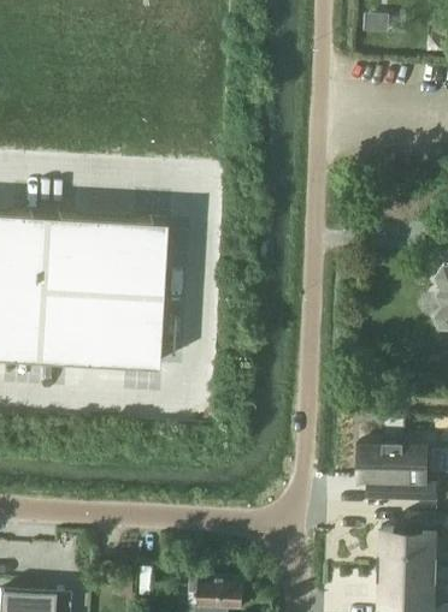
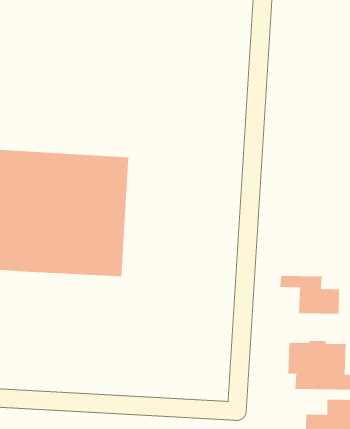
building: none -> [280,275,339,315]

